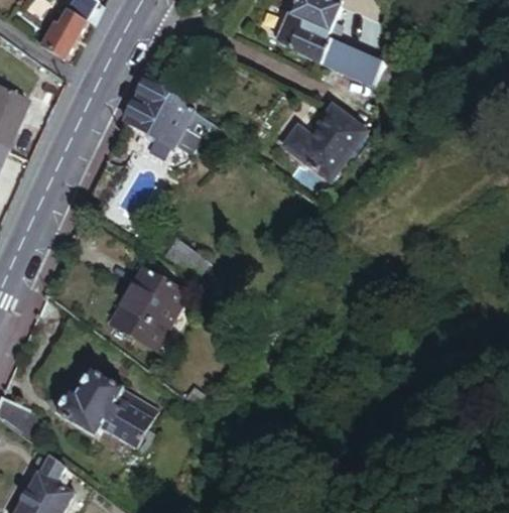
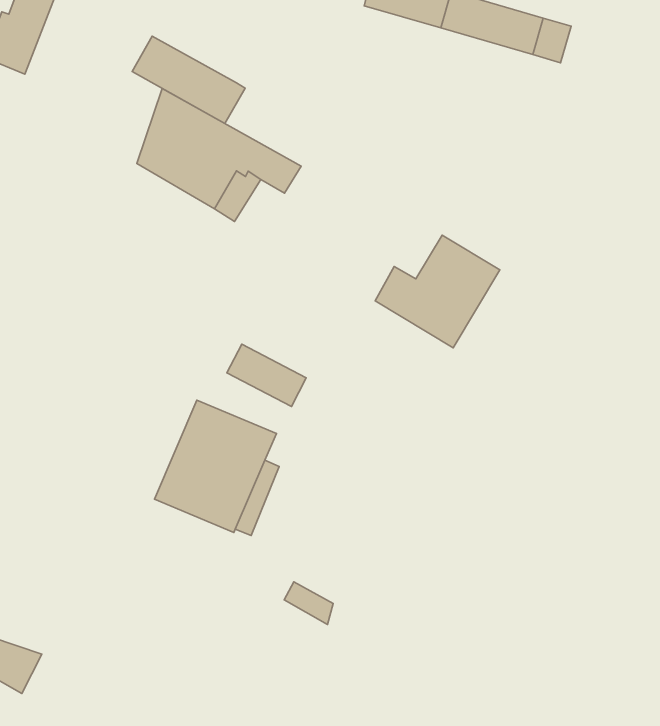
building: none -> [132,36,245,123]
building: [282,112,360,180] -> [375,235,500,348]
building: [58,369,153,445] -> none

